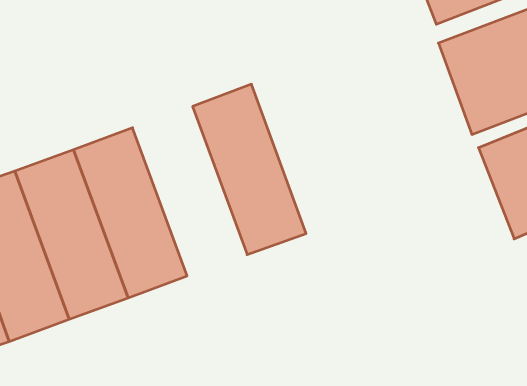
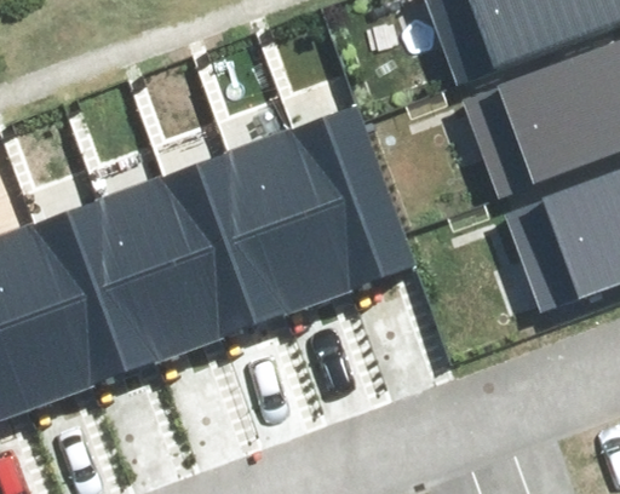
building: none -> [293,105,417,291]
building: none -> [163,153,288,337]

